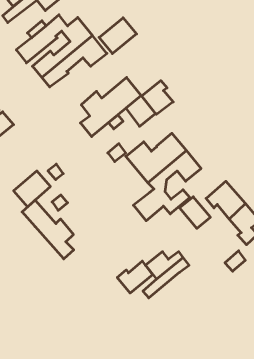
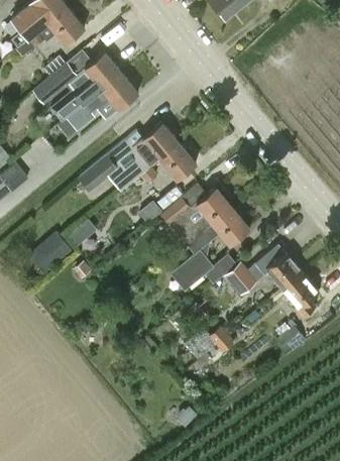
building: [99,18,137,54] -> none
building: [142,81,173,114] -> none
building: none -> [79,154,118,191]
building: [22,200,74,259] -> none
building: [117,261,152,293] -> none

